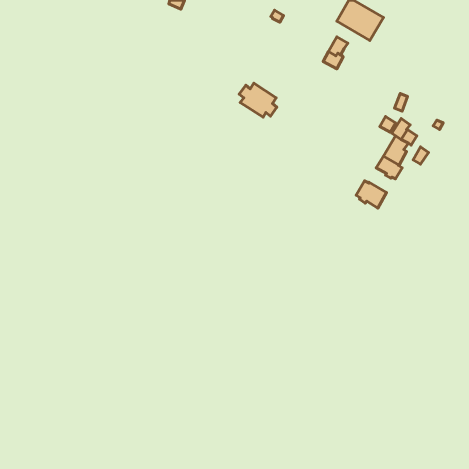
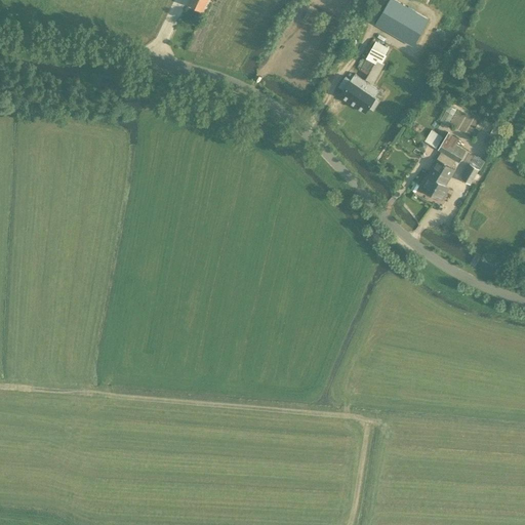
building: [239,83,277,117] -> [338,74,380,112]
building: [356,181,387,208] -> none

